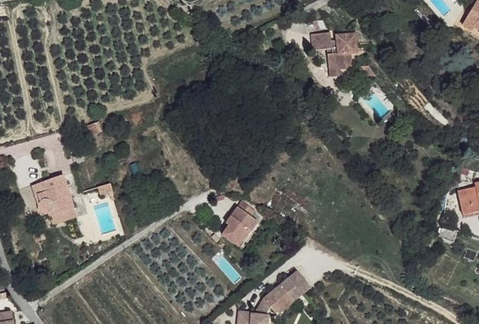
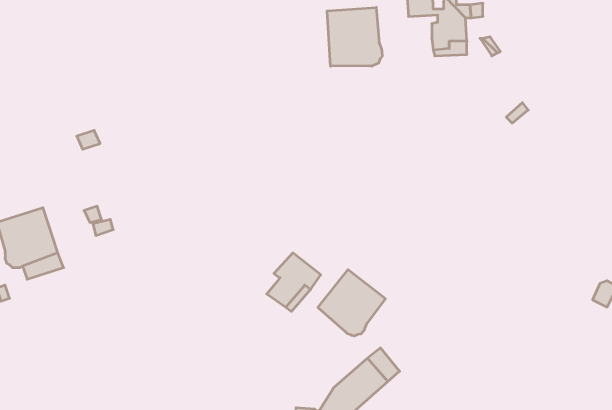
building: none -> [327,7,382,66]
building: none -> [318,270,385,336]

